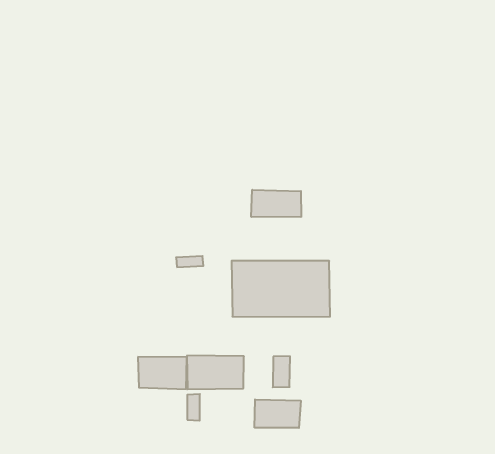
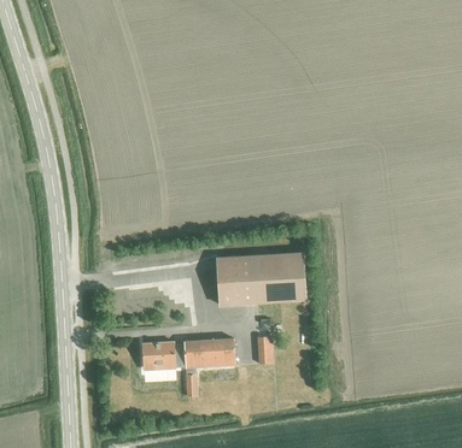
building: [251,190,301,217] -> none
building: [255,399,301,428] -> none

